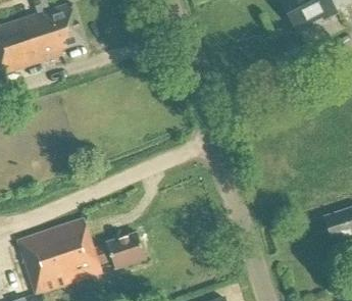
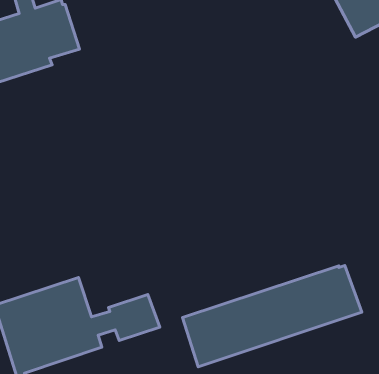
building: none -> [182,266,362,367]

